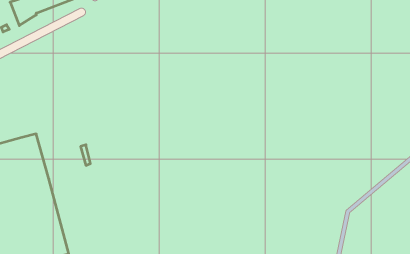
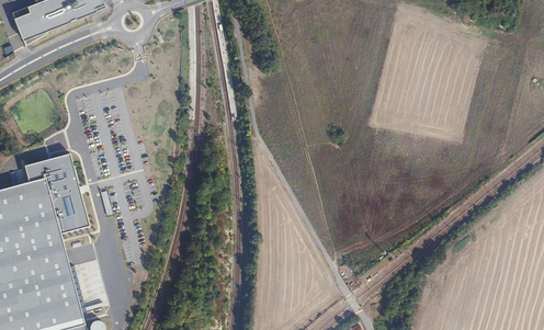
building: none -> [23,152,88,231]

